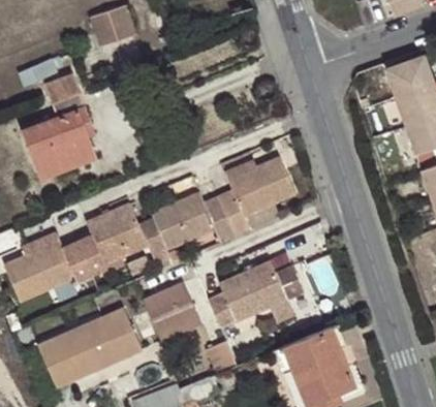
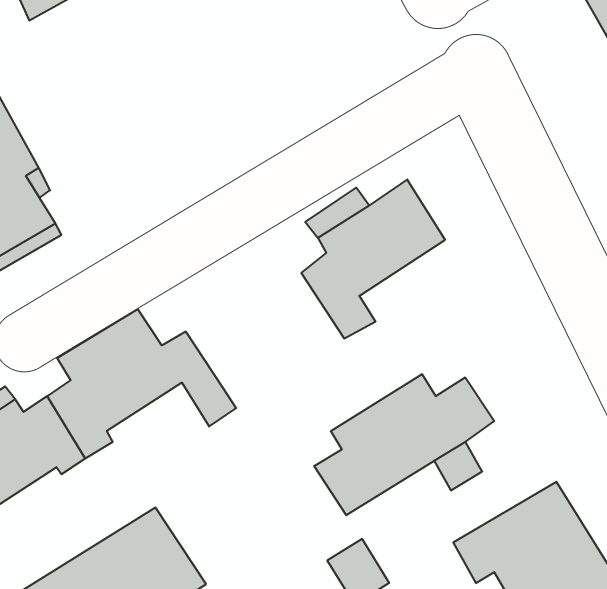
building: [151,190,235,250] -> none
building: [143,280,203,340] -> none

